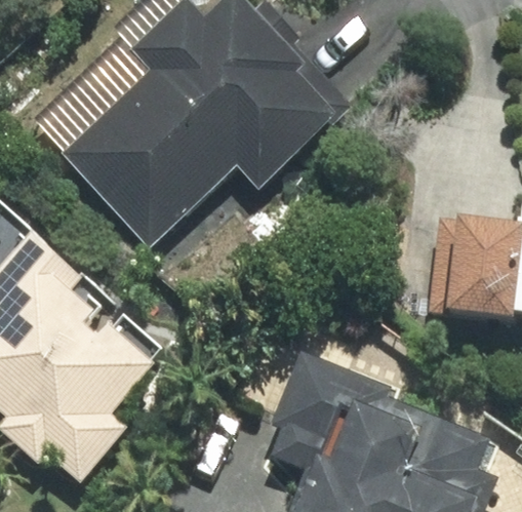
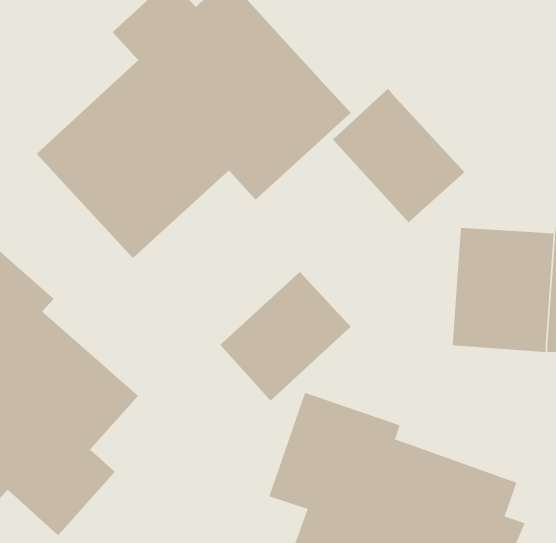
building: none -> [332,88,465,223]
building: none -> [220,271,352,402]

